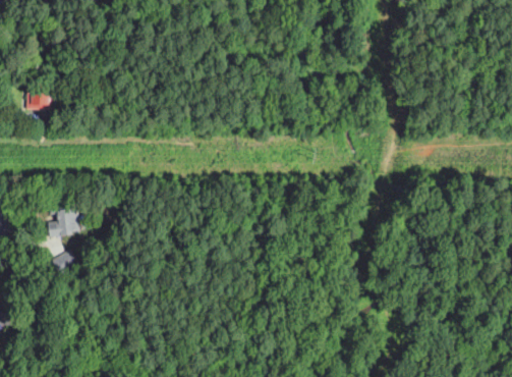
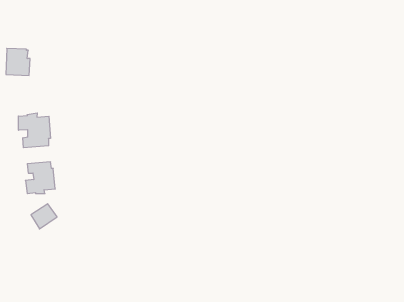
building: none -> [18,113,50,148]

